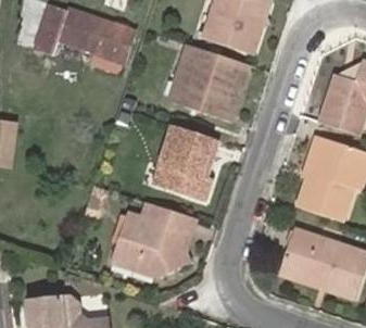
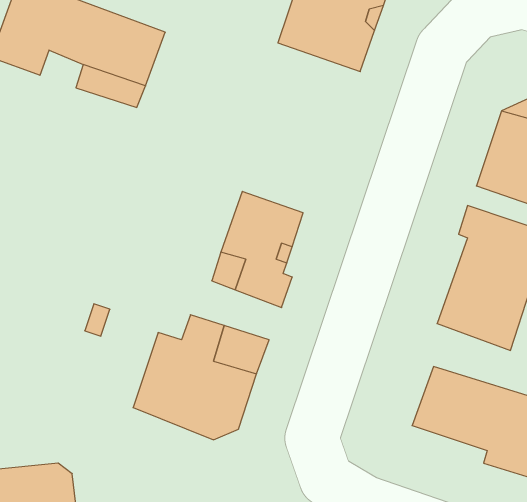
building: [173,42,248,117] -> none

